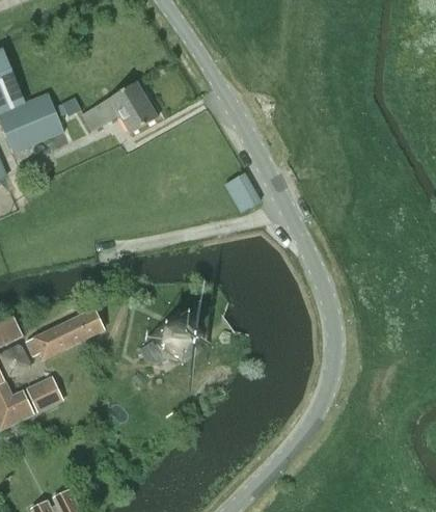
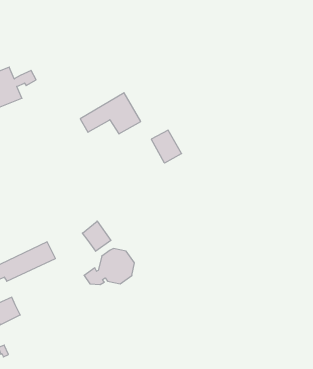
building: [83,82,158,133] -> [80,93,141,134]
building: none -> [82,221,111,251]

